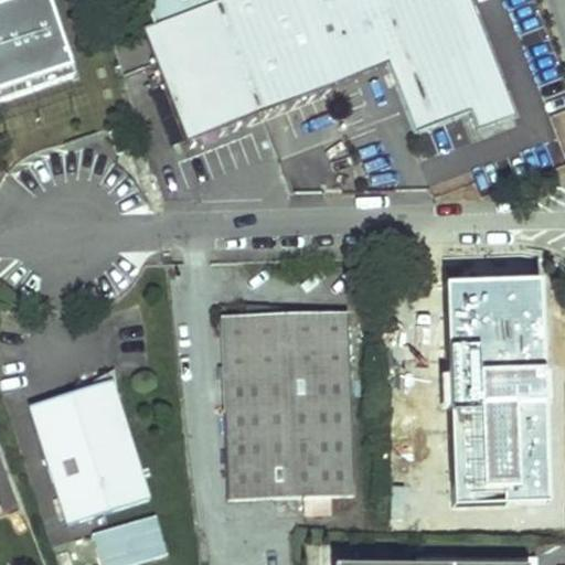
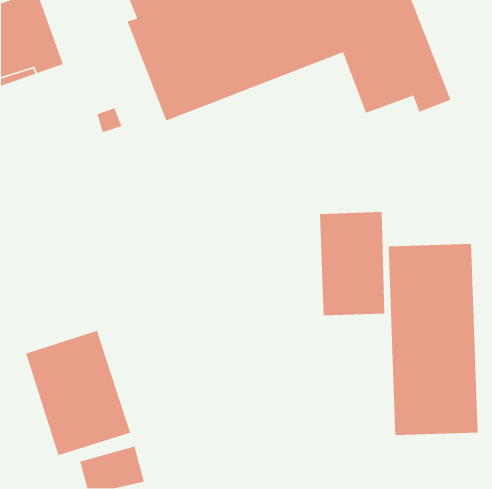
building: none -> [319,211,385,316]
building: [221,311,354,512] -> none

